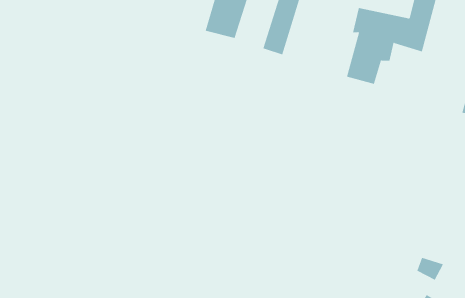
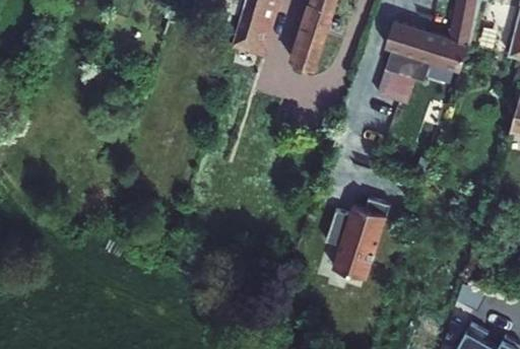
building: none -> [324,201,388,279]

